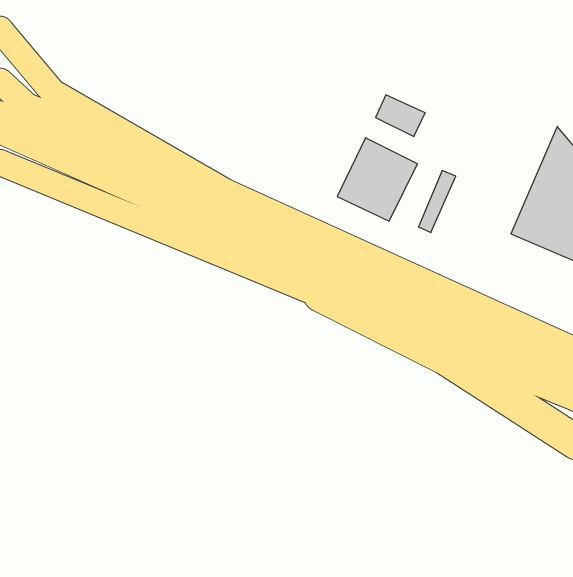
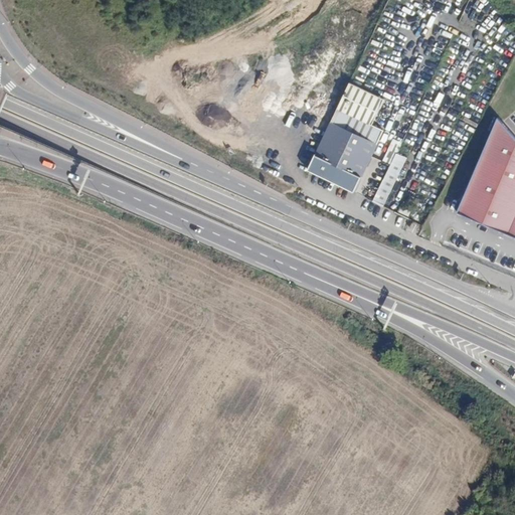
building: none -> [329,105,382,146]

